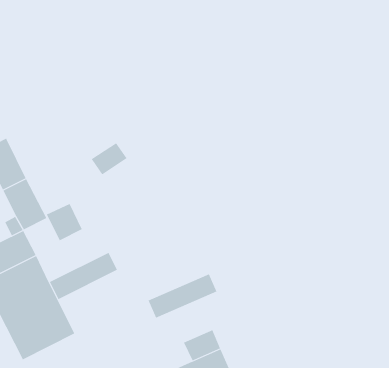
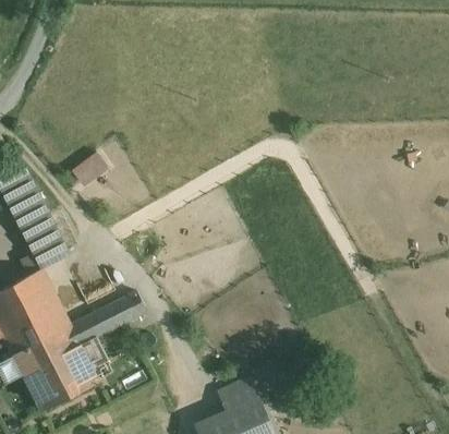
building: [91,142,128,175] -> [73,149,113,185]
building: [46,203,83,241] -> none
building: [148,274,217,319] -> none

